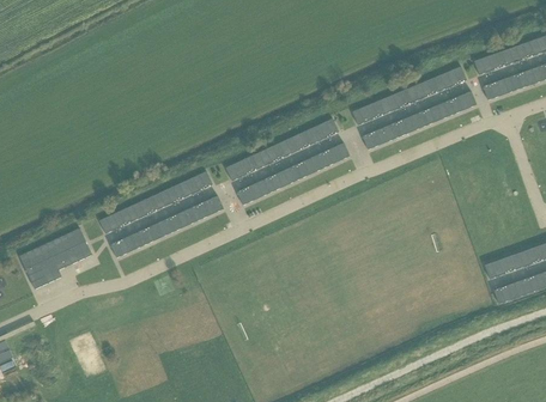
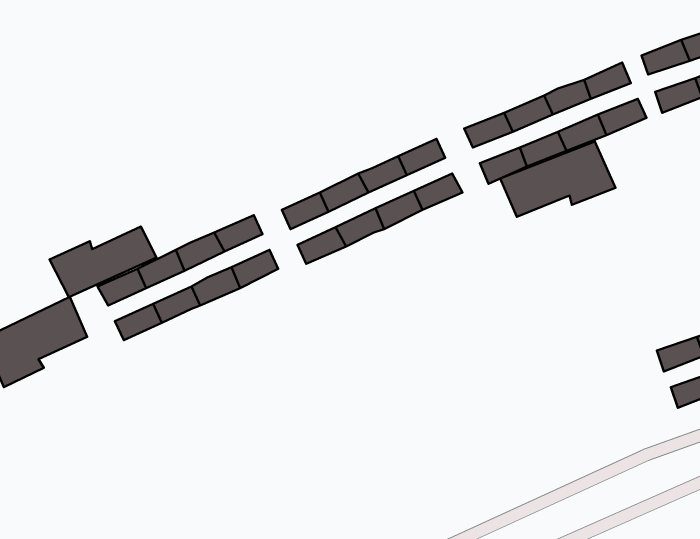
building: none -> [500,142,615,217]
building: none -> [49,226,157,297]

